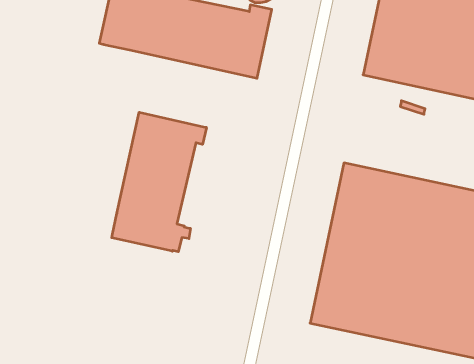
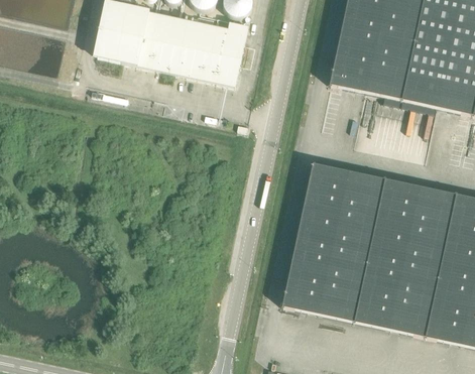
building: [112,112,206,252] -> none

